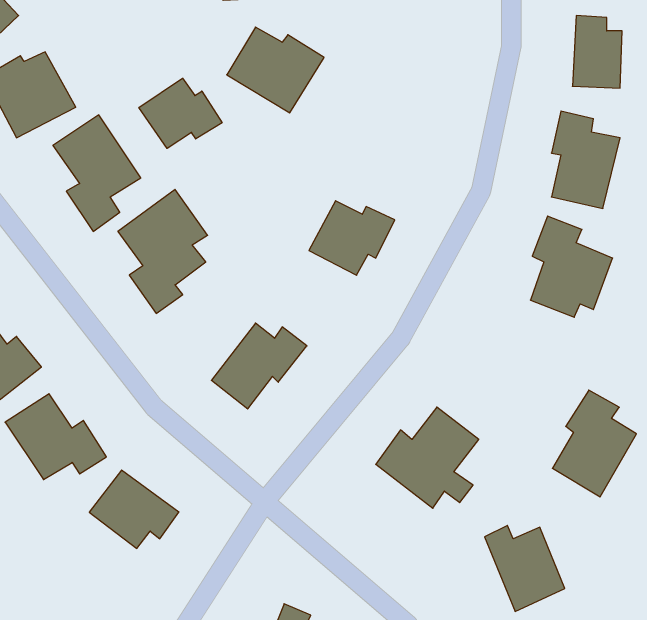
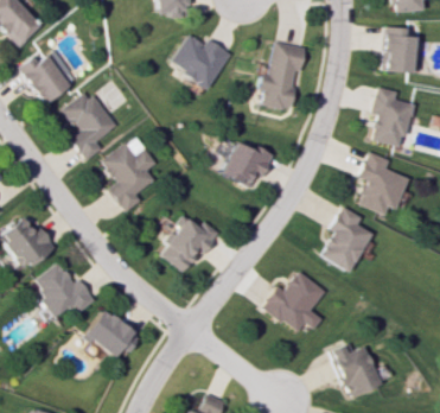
building: none -> [261,42,307,110]
building: [139,78,222,148] -> none
building: [552,390,636,497] -> [321,206,374,273]

